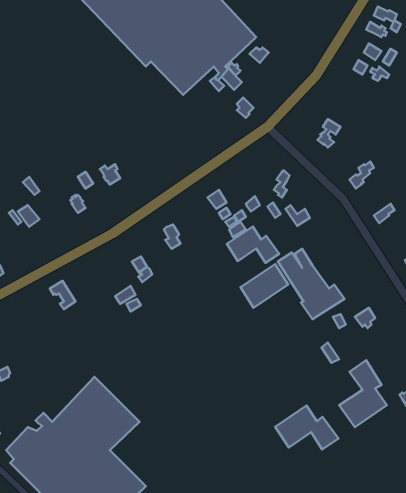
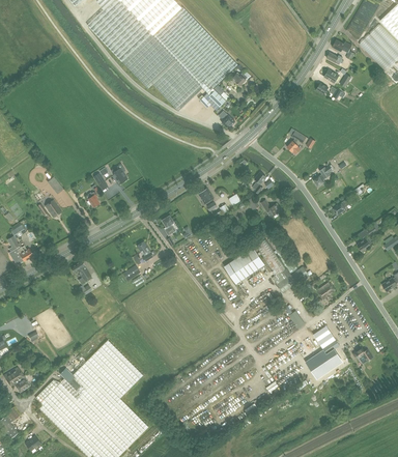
building: [227,226,279,263] -> none
building: [275,406,339,450] -> none

